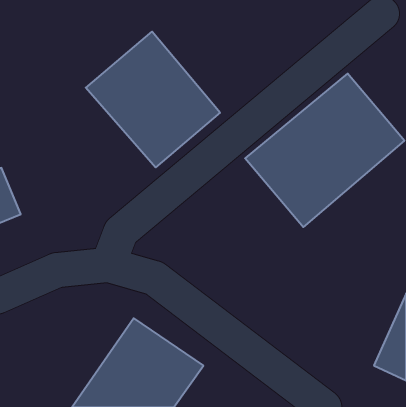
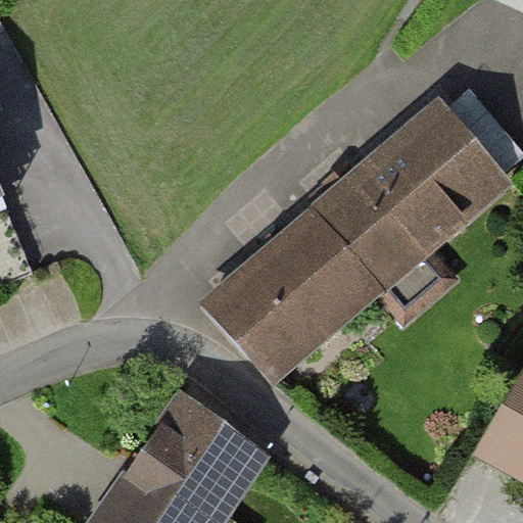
building: [86,32,220,167] -> none
building: none -> [205,202,387,381]

